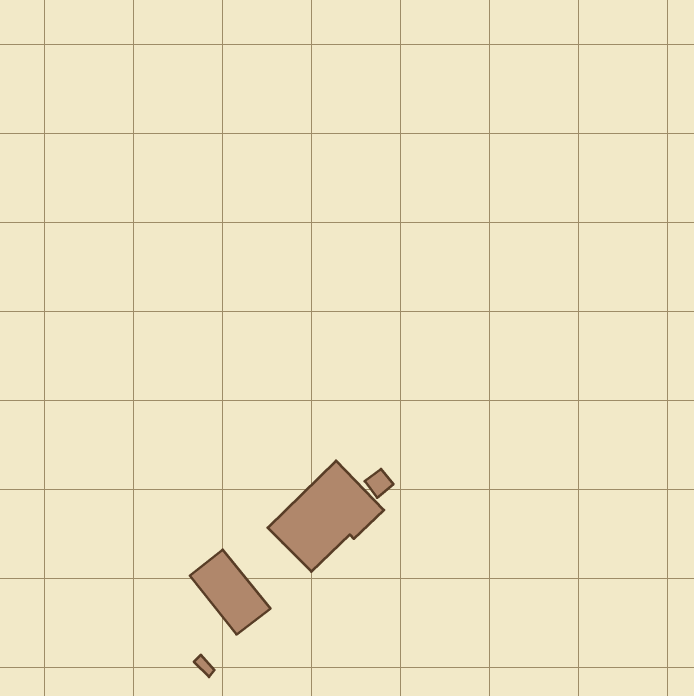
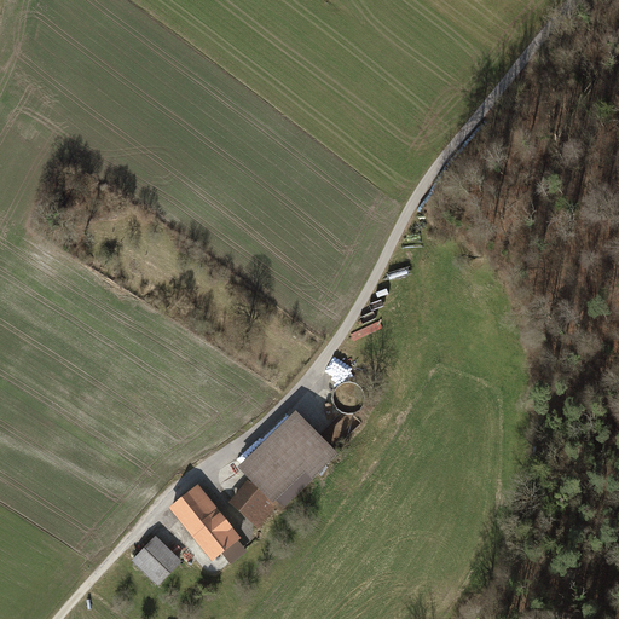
building: none -> [228,480,276,527]
building: none -> [131,536,180,585]

